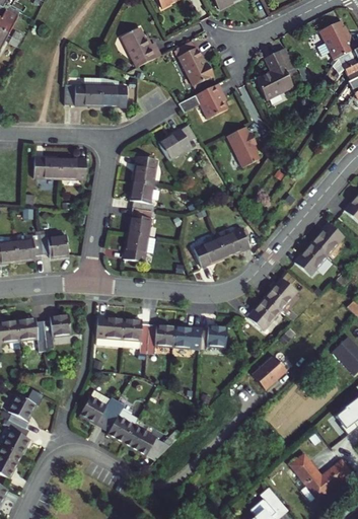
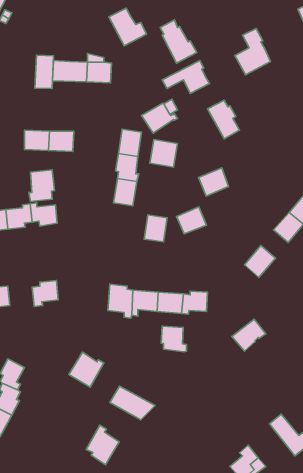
building: none -> [35,55,54,89]
building: none -> [150,140,178,167]
building: none -> [29,170,55,201]
building: [217,227,248,256] -> [199,168,229,196]
building: [124,233,148,262] -> [144,215,167,242]
building: [248,298,280,329] -> none
building: [96,316,124,346] -> none
building: [17,318,46,353] -> none
building: none -> [161,326,187,352]
building: [103,400,138,442] -> [86,425,119,465]

